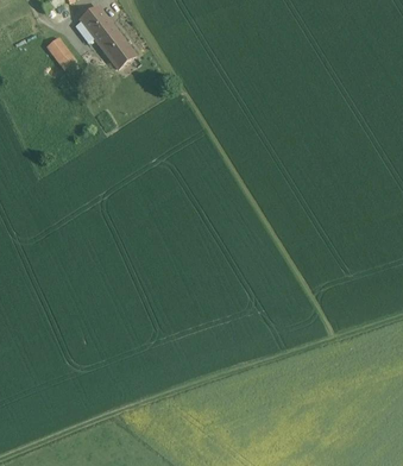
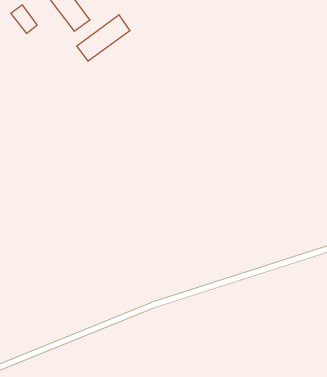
building: none -> [77,15,130,61]

